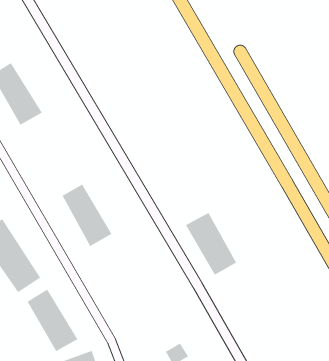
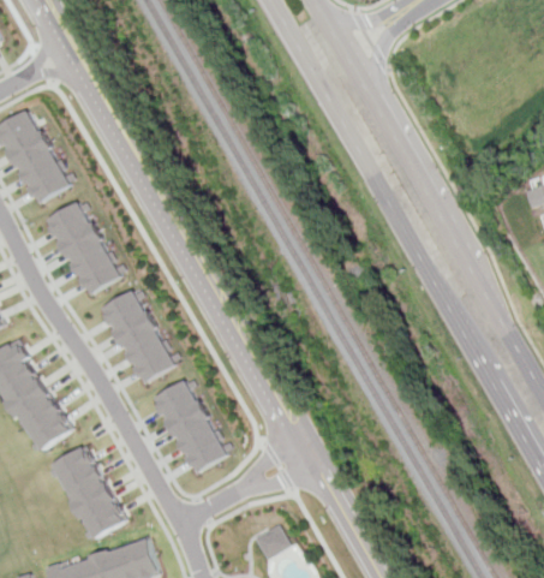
building: none -> [44,199,121,296]
building: [185,212,237,276] -> [150,379,228,473]

